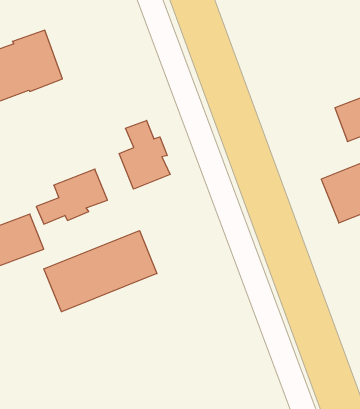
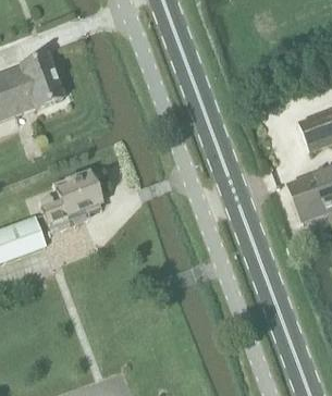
building: [119,120,170,189] -> none
building: [44,231,157,312] -> none

